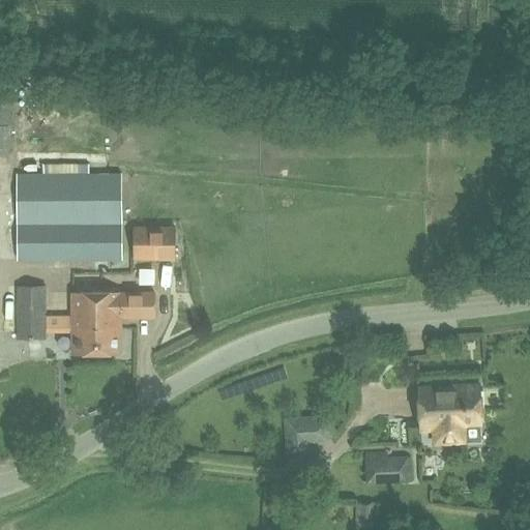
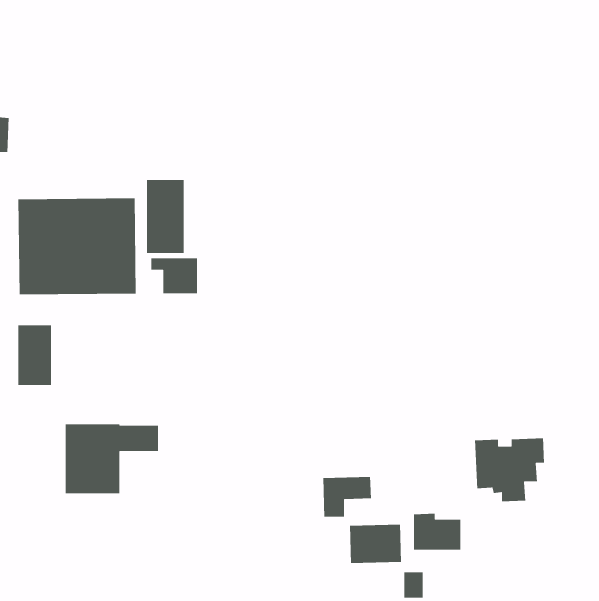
building: none -> [146,179,185,254]
building: [70,292,153,354] -> [65,424,159,494]
building: none -> [349,524,402,564]

